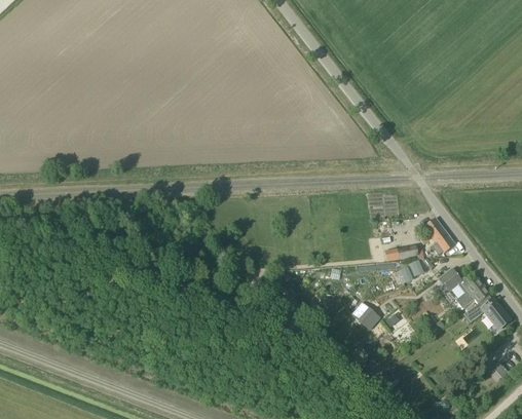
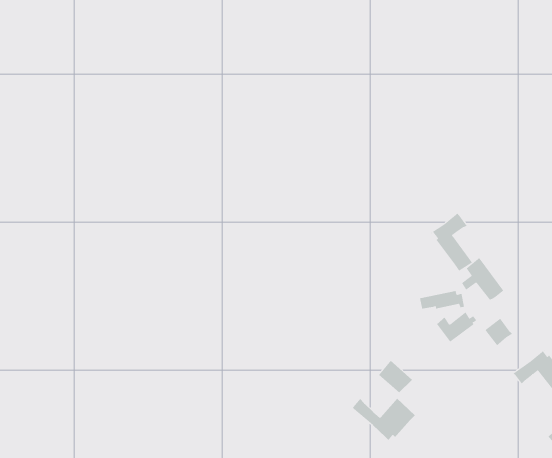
building: none -> [430,212,473,273]
building: [454,275,488,308] -> none
building: none -> [352,398,417,443]

